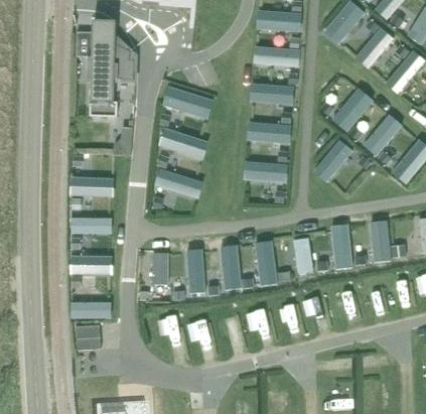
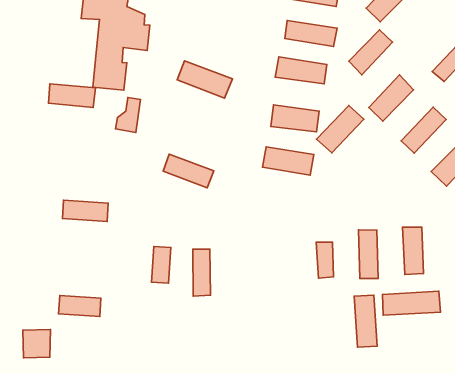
building: [356,27,393,67] -> [349,30,393,75]
building: [159,129,206,160] -> none
building: [313,139,353,181] -> [317,106,364,153]
building: [72,177,112,195] -> [48,84,95,107]
building: [255,240,278,286] -> [354,295,377,347]
building: [219,248,239,288] -> none
building: [69,256,110,274] -> none
building: none -> [382,291,441,315]
building: [75,324,100,351] -> [23,330,51,358]

